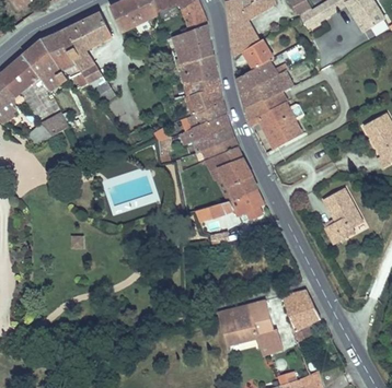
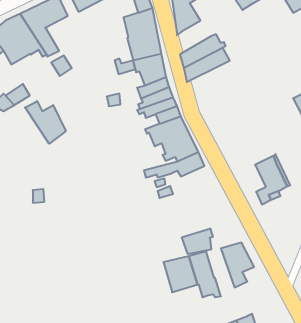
building: [242,39,272,69] -> none
building: [244,91,302,149] -> none
building: none -> [25,101,66,144]
building: none -> [182,228,213,254]

